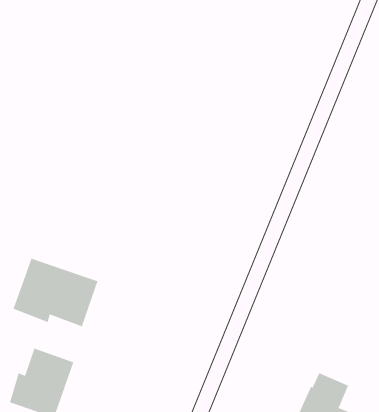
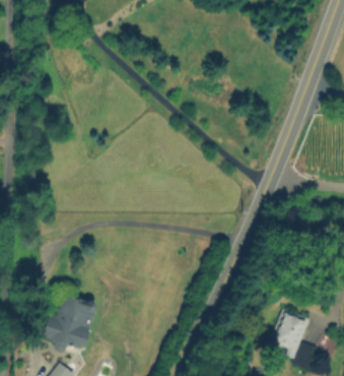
building: [13,258,98,327] -> none

